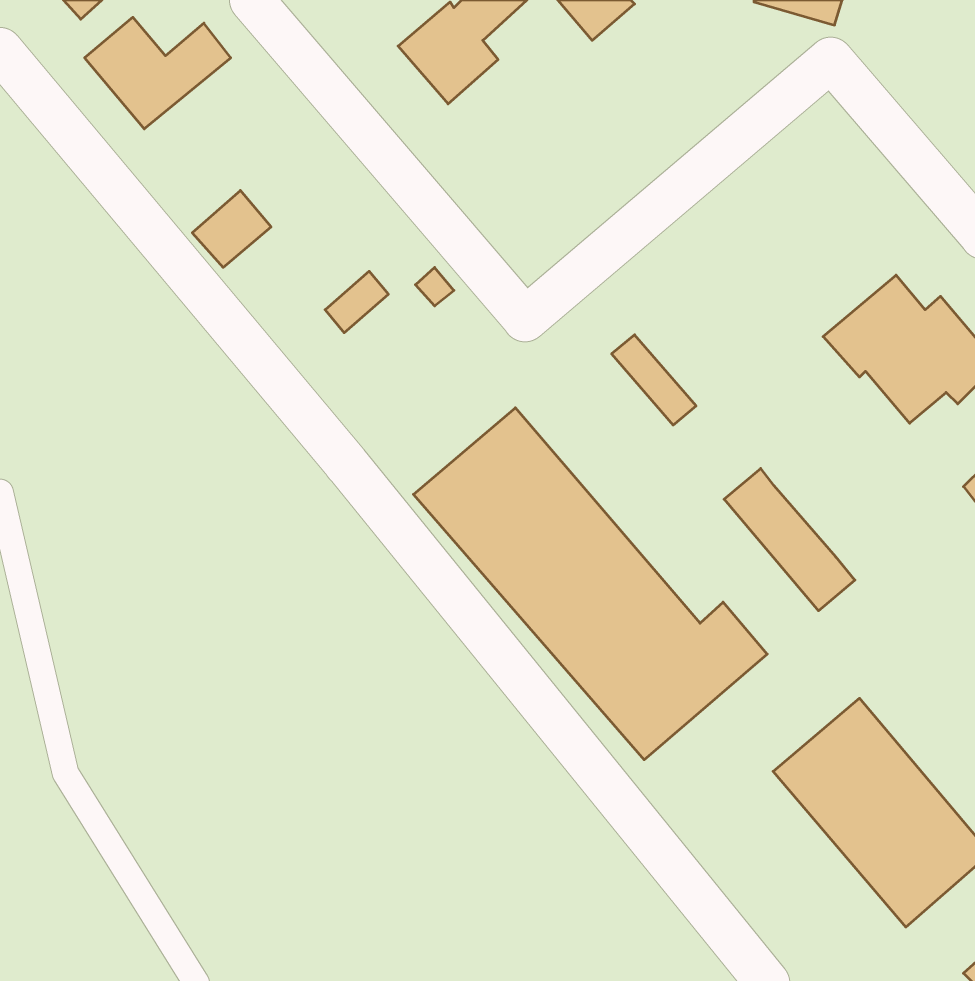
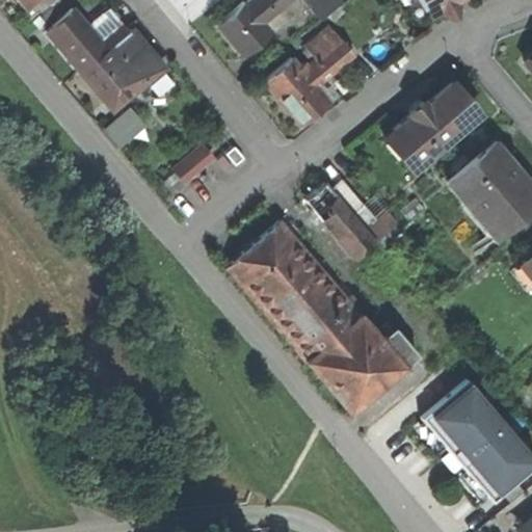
building: none -> [82,28,167,112]
building: none -> [267,28,355,126]
building: none -> [388,83,481,169]
building: [724,468,855,611] -> [308,183,378,260]

